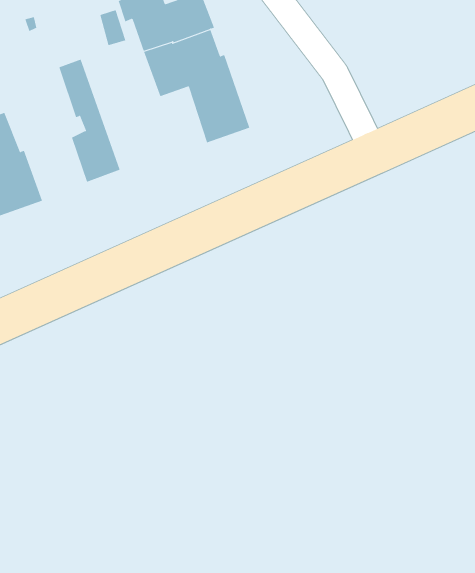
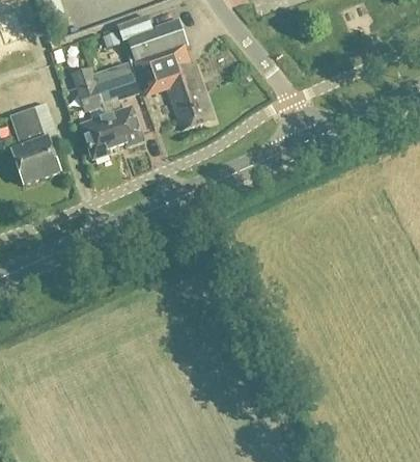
building: none -> [89,65,143,147]

